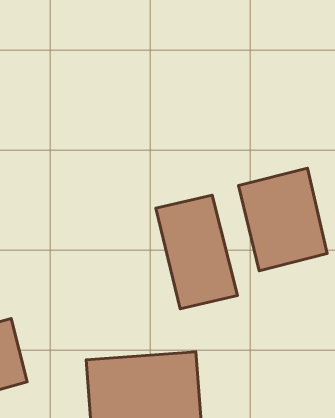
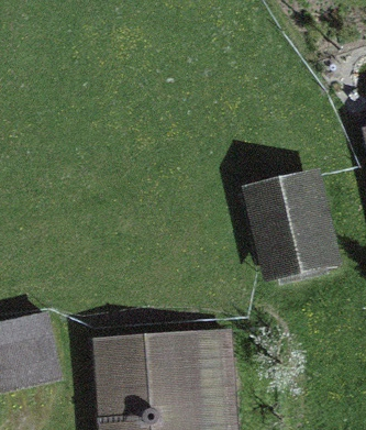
building: [156,195,237,309] -> none

